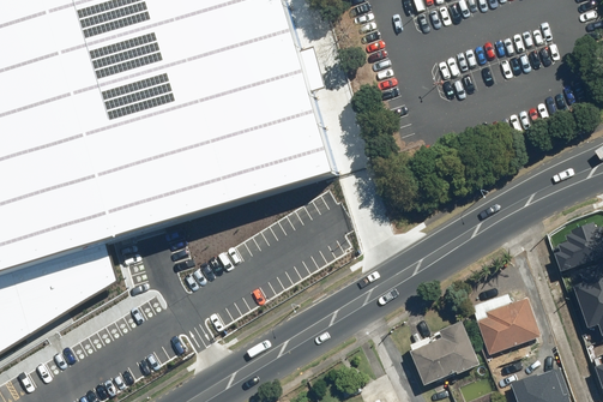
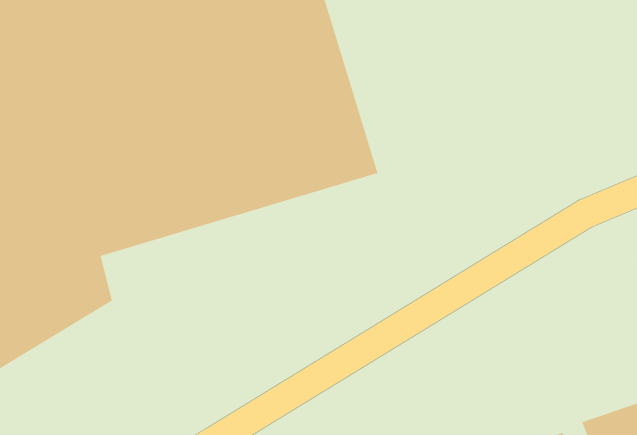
building: [471,290,541,353] -> none
building: [409,318,483,383] -> none

